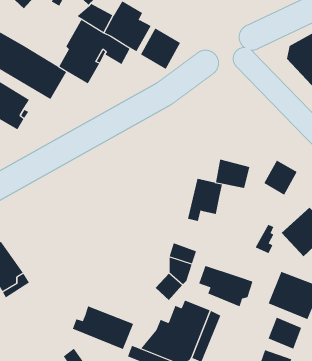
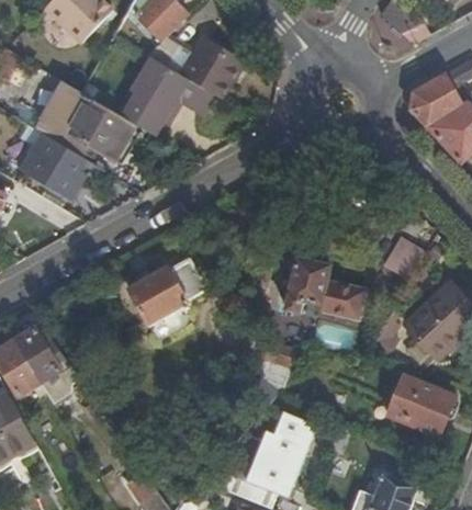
building: [140,28,181,70] -> none
building: [215,159,250,188] -> [321,281,364,318]
building: none -> [127,259,203,325]
building: [199,265,253,307] -> none
building: [72,306,134,350] -> none
building: [268,317,302,349] -> none

